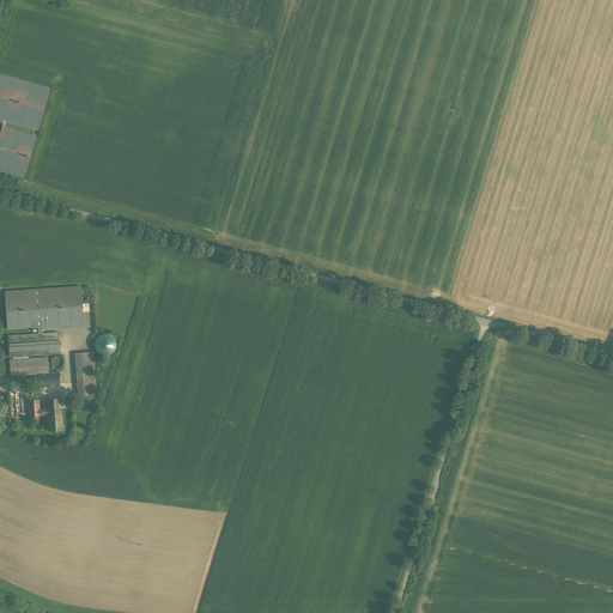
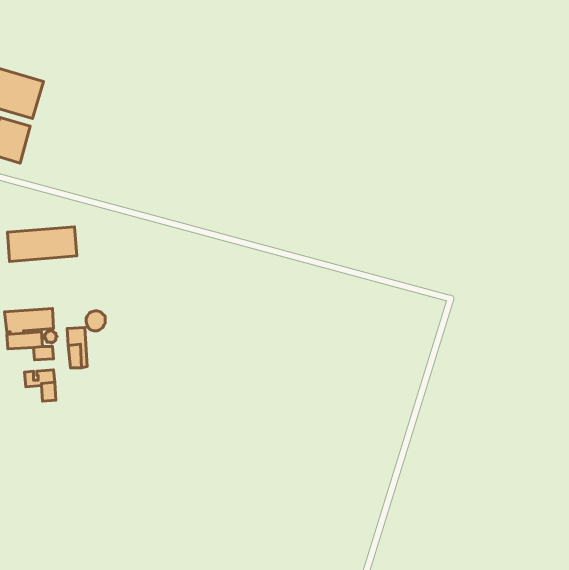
building: [5,289,79,326] -> [7,227,77,261]

